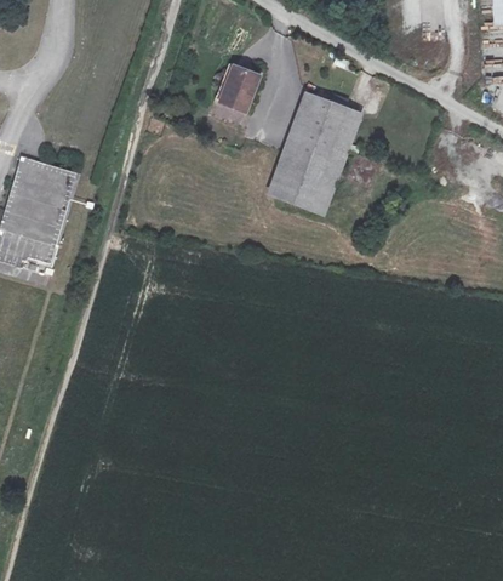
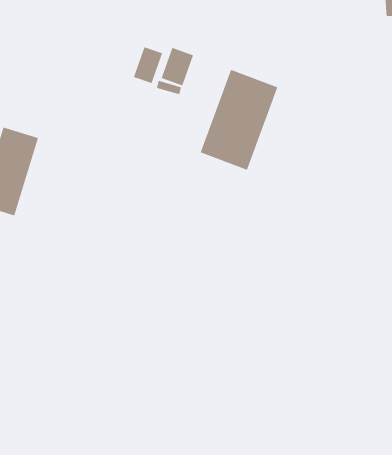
building: none -> [133,46,163,84]

